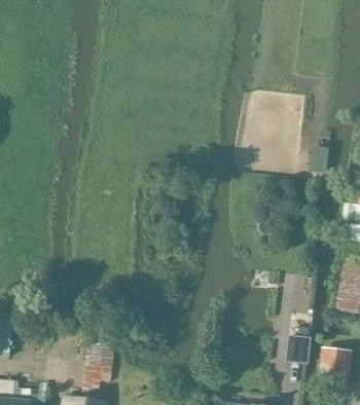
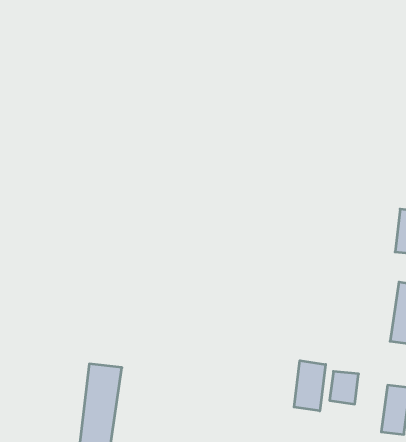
building: none -> [294,361,326,411]

